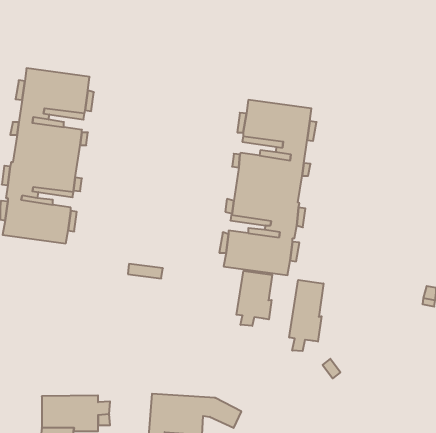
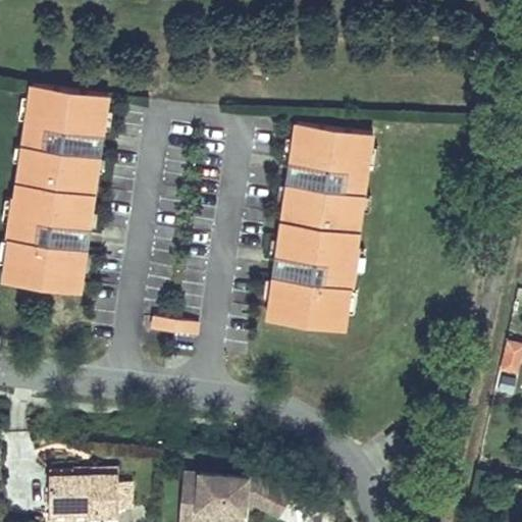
building: [236,271,272,326] -> none
building: [289,280,323,351] -> none

